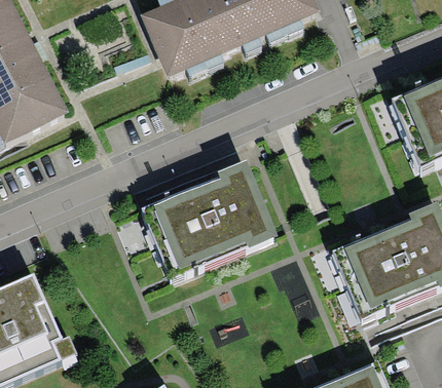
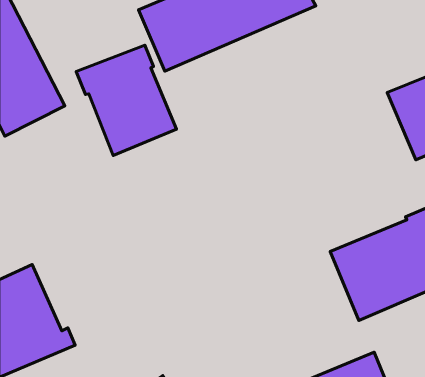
building: none -> [76,45,176,155]
building: [143,159,278,276] -> none

